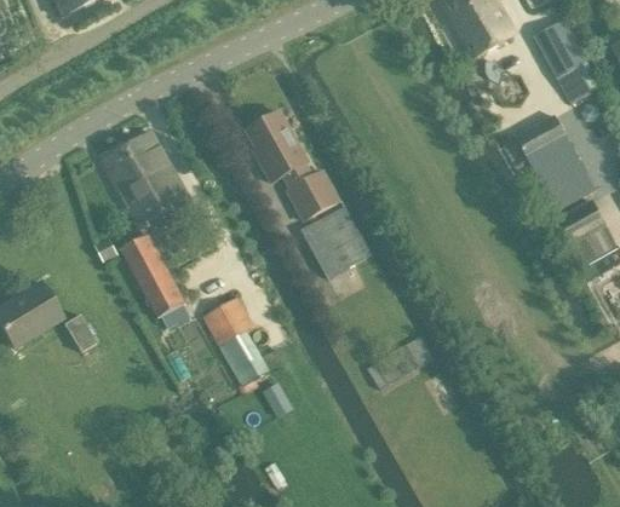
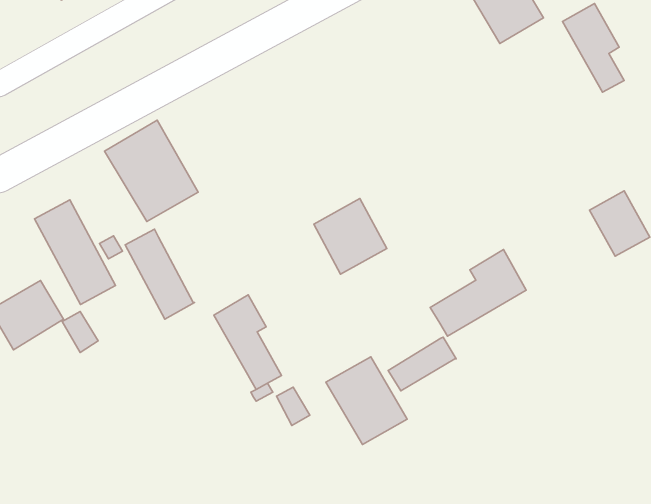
building: [246,111,339,220] -> none
building: [515,113,592,204] -> none
building: none -> [35,200,115,305]
building: none -> [430,250,526,336]
building: none -> [326,357,407,444]

